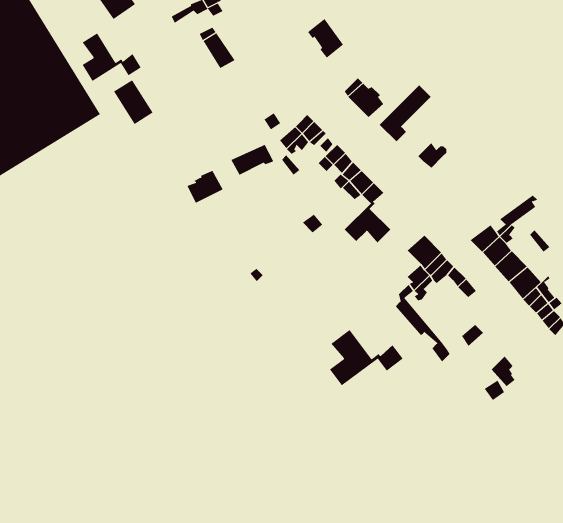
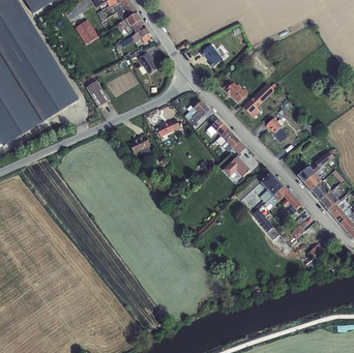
building: [82,33,142,82] -> none
building: [329,329,404,386] -> none

